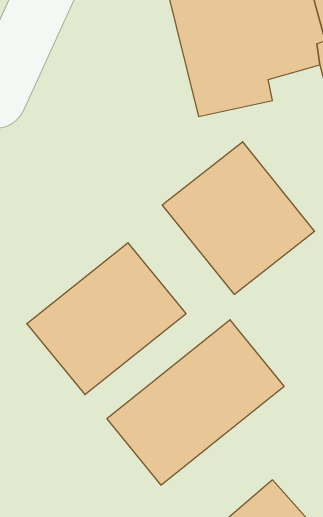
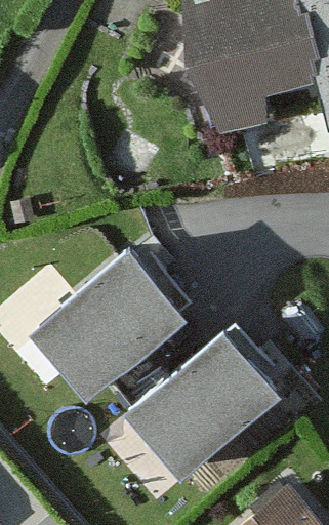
building: [162,142,315,294] -> none

